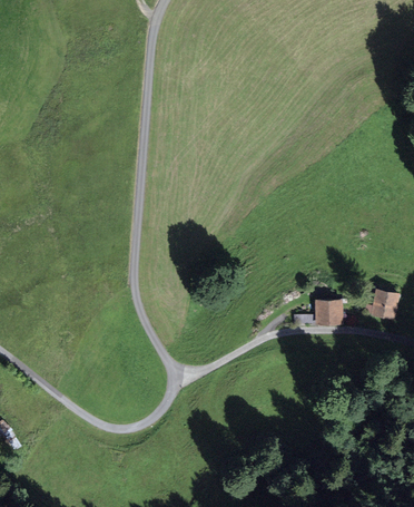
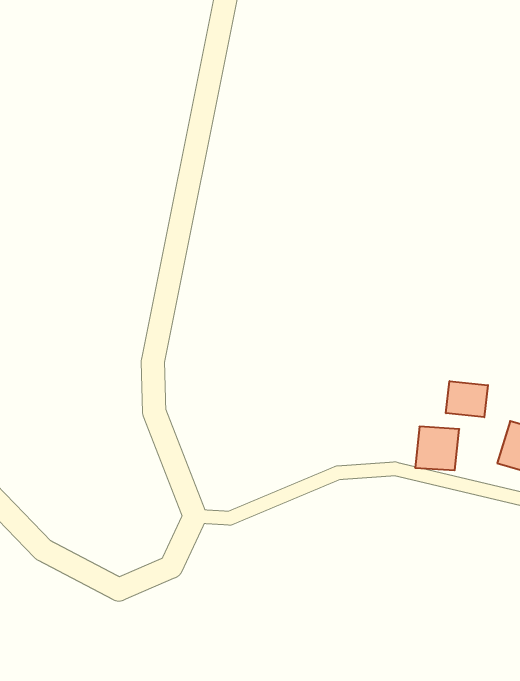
building: none -> [446,381,488,417]

